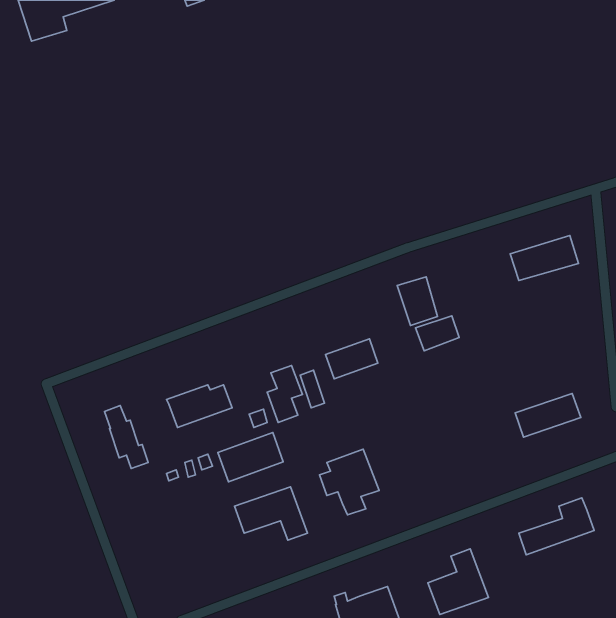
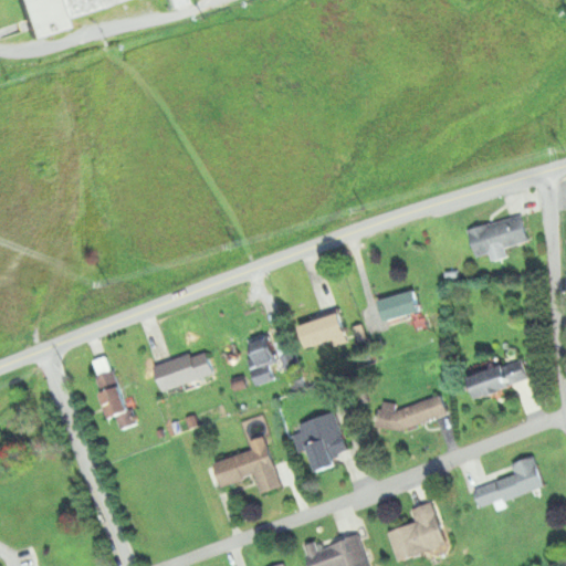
building: [397,277,437,325] -> none
building: none -> [375,395,446,438]
building: [218,433,283,482] -> none

